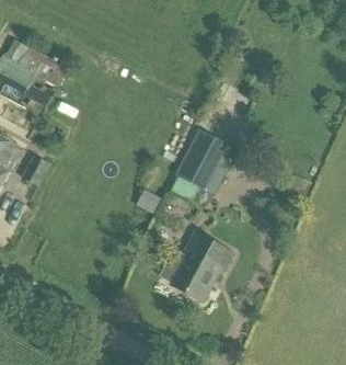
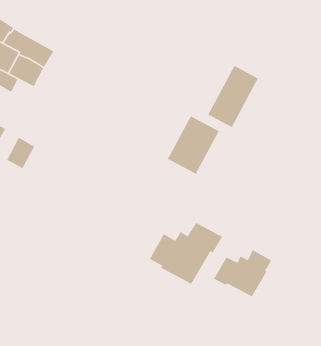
building: none -> [207,65,259,128]
building: none -> [213,249,272,298]

